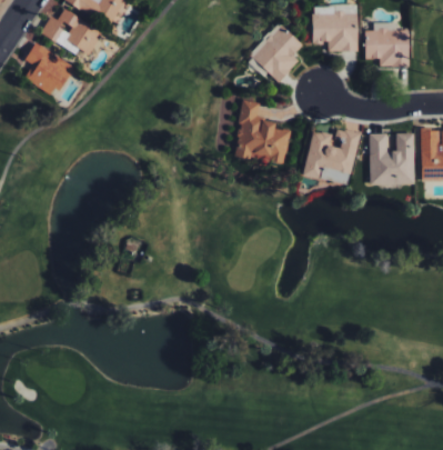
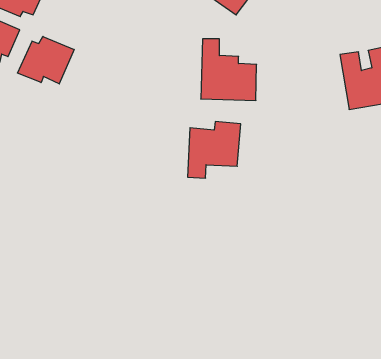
building: none -> [17,36,74,84]
building: [303,128,360,179] -> [188,122,241,178]

